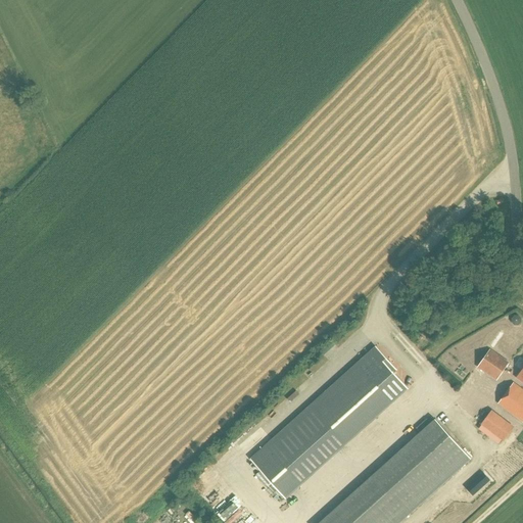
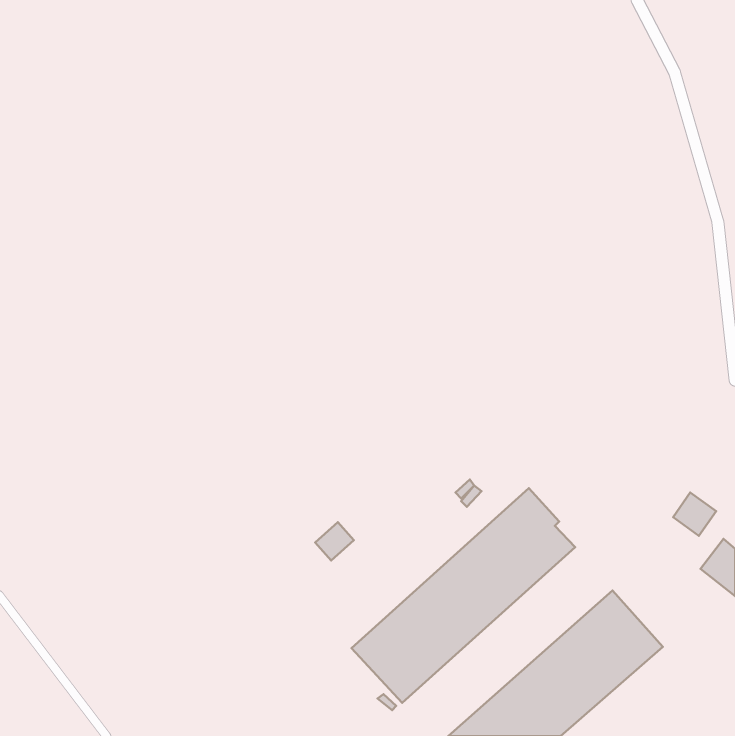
building: none -> [315,522,354,561]
building: [482,408,517,440] -> none

